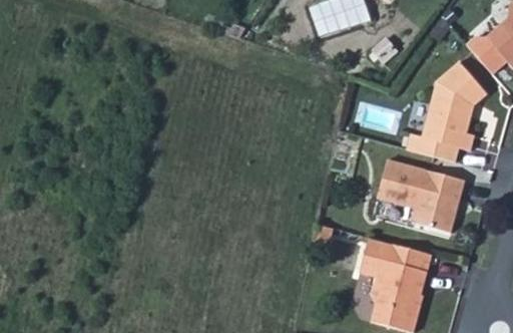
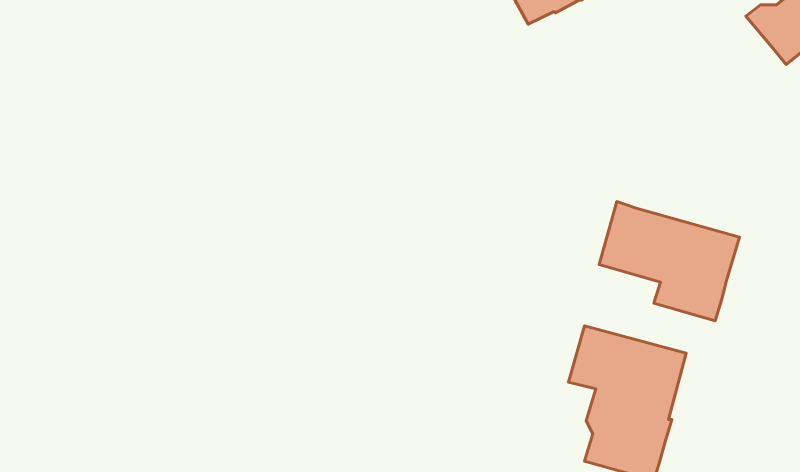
building: [405,61,485,161] -> none

